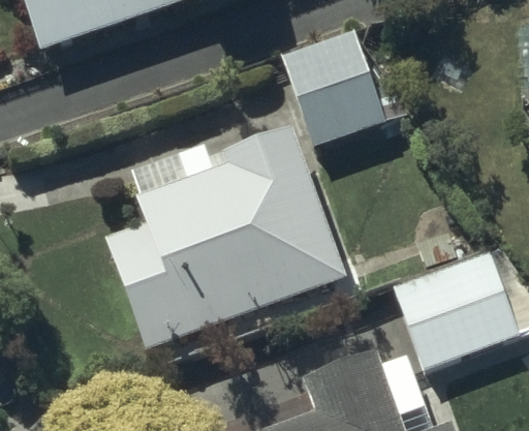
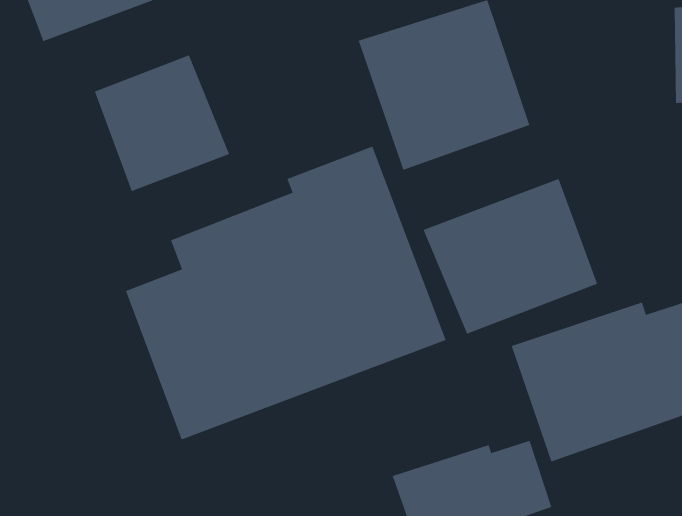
building: none -> [94,54,230,192]
building: none -> [423,178,598,335]

